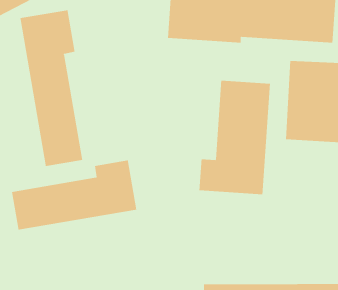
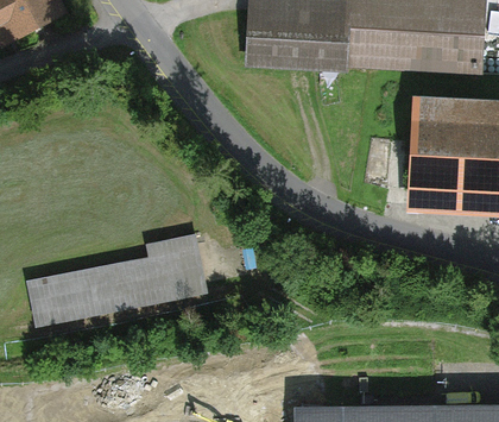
building: [20,9,83,167] -> none
building: [199,80,270,195] -> none

